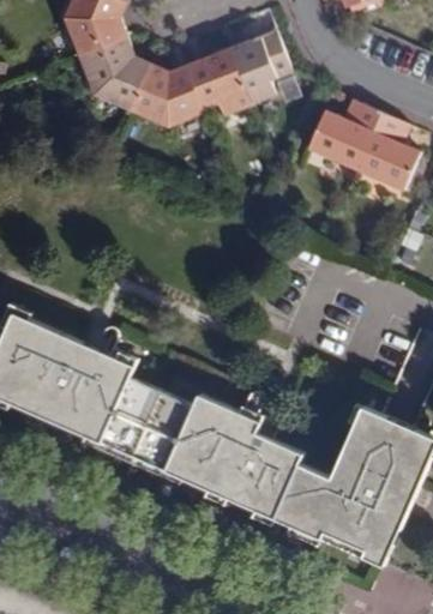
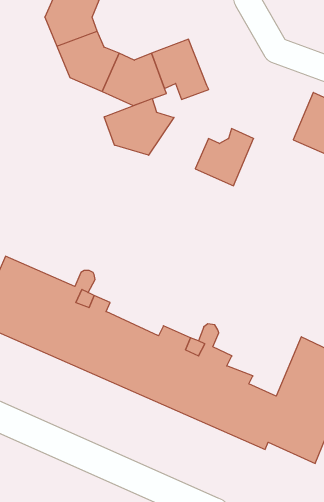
building: [230,32,291,104] -> none
building: [309,101,379,169] -> [195,129,254,186]
building: none -> [104,99,174,155]

